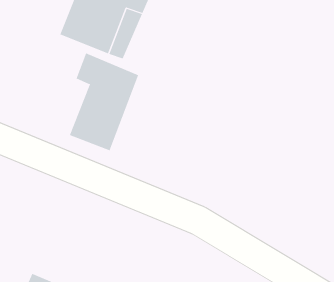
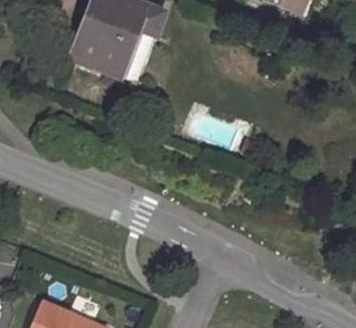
building: [69,52,139,151] -> none

